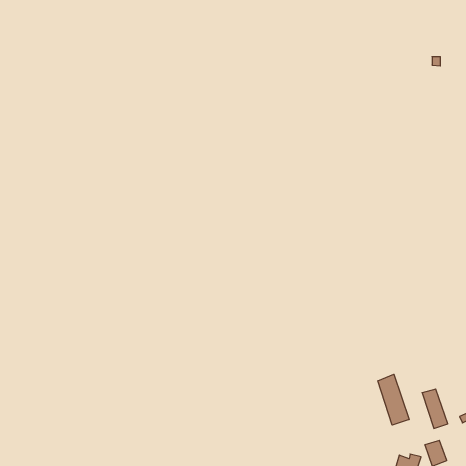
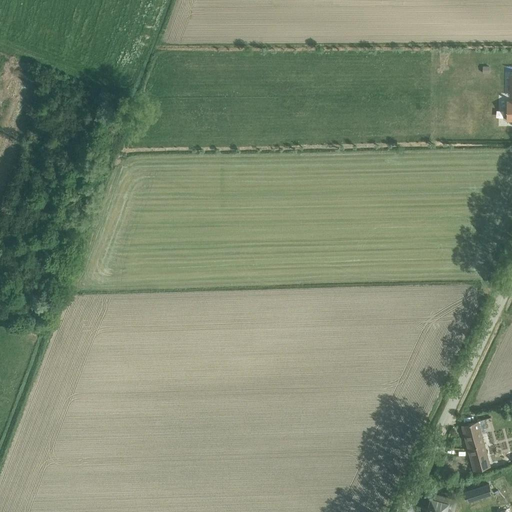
building: [378,374,409,425] -> none

